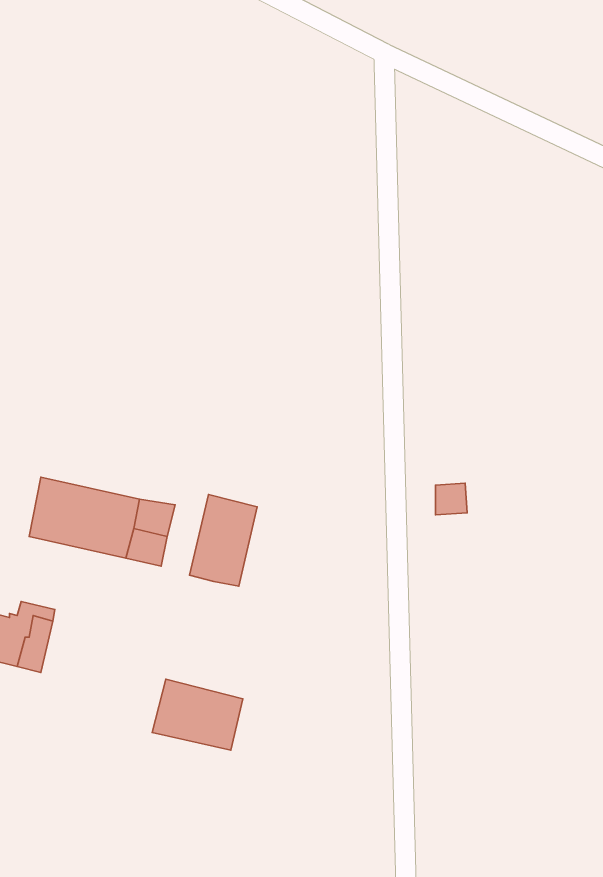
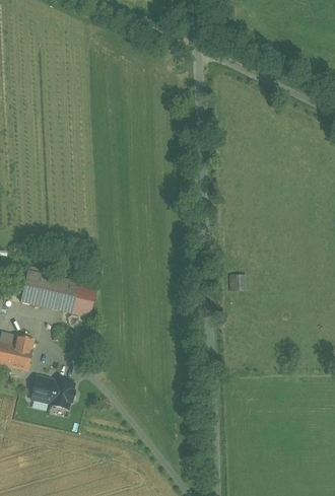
building: [189,495,257,586] -> none
building: [152,679,243,750] -> [26,372,73,409]

